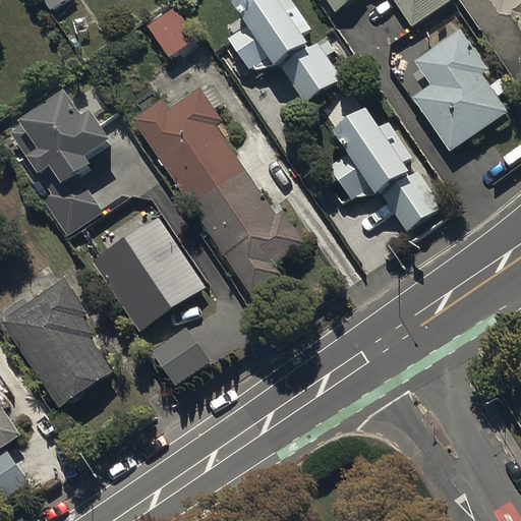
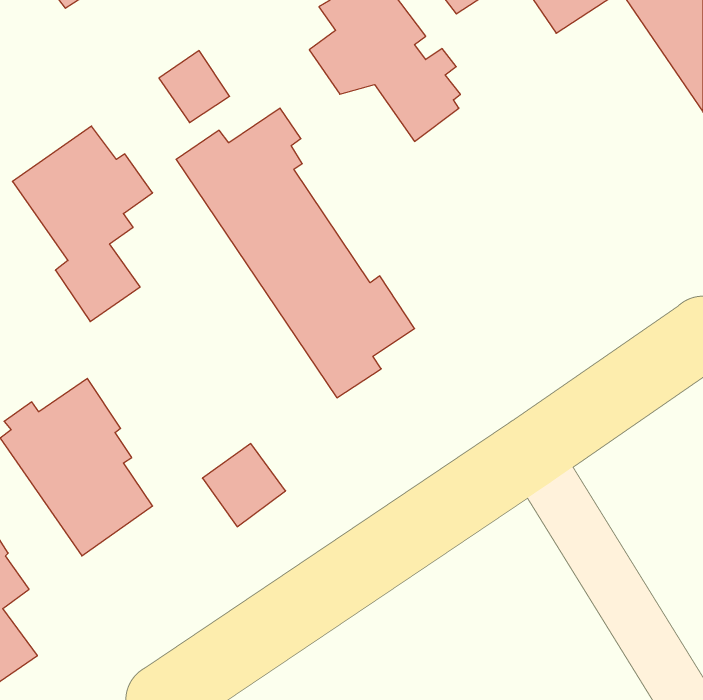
building: [146,4,197,57] -> [159,51,230,123]
building: [412,27,508,150] -> none
building: [329,109,442,231] -> none
building: [92,216,206,332] -> none

